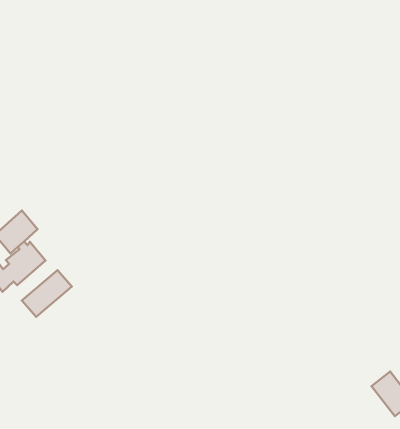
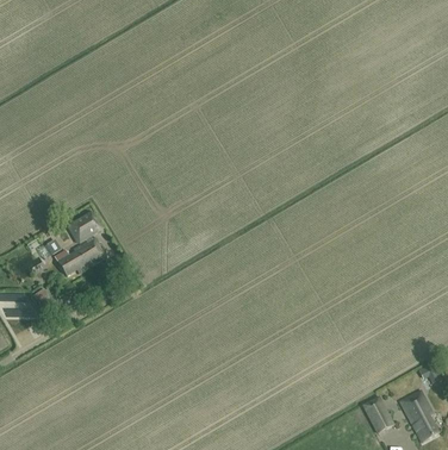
building: [22,270,72,317] -> none

